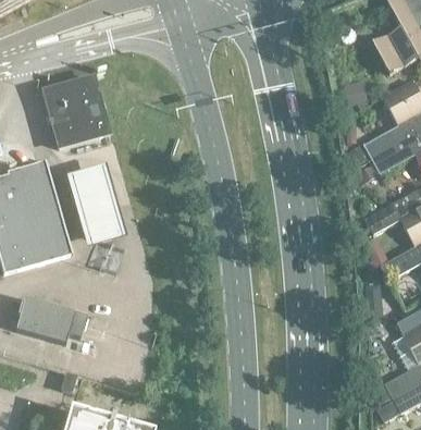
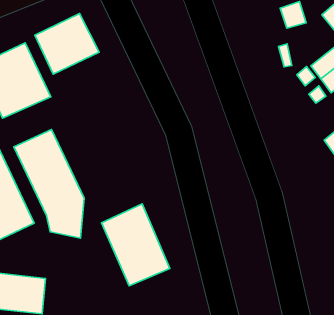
building: none -> [35,13,99,74]
building: none -> [101,204,170,286]

